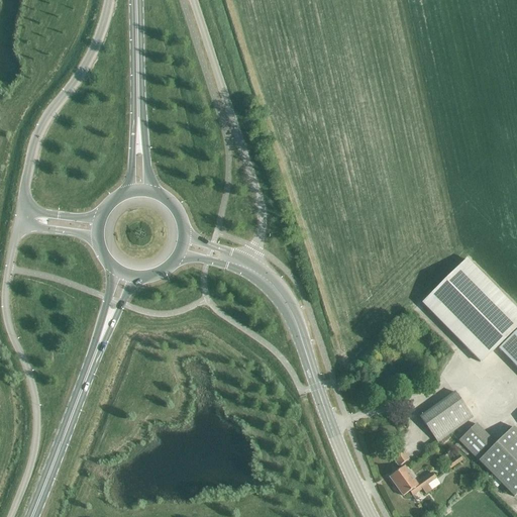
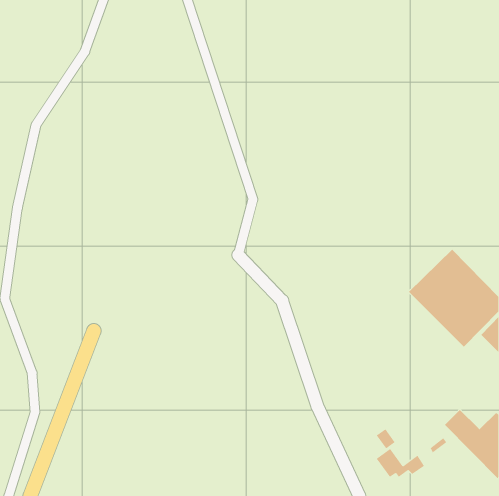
building: [420,390,473,439] -> none

